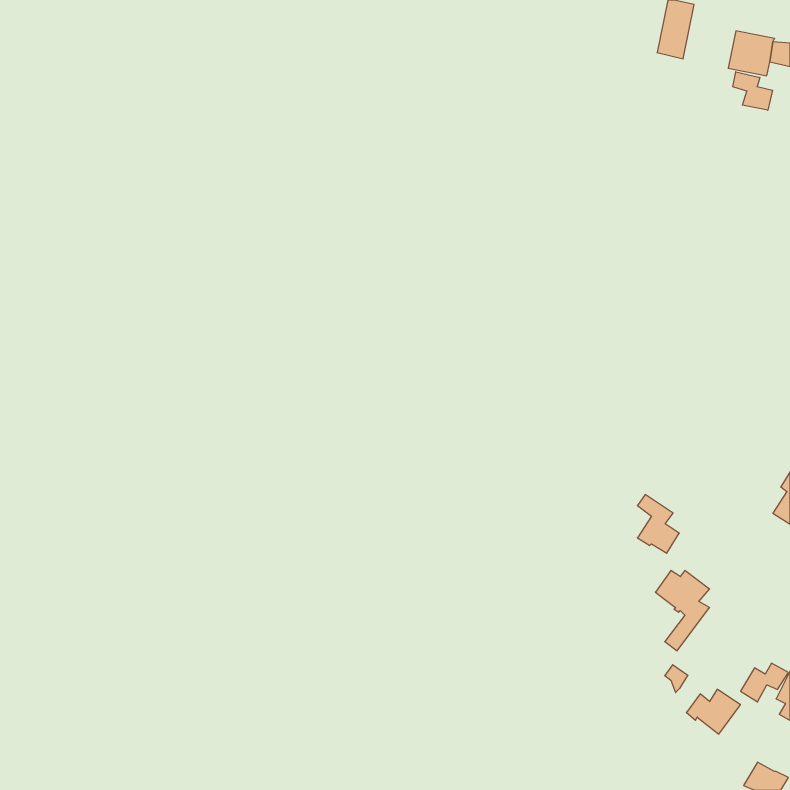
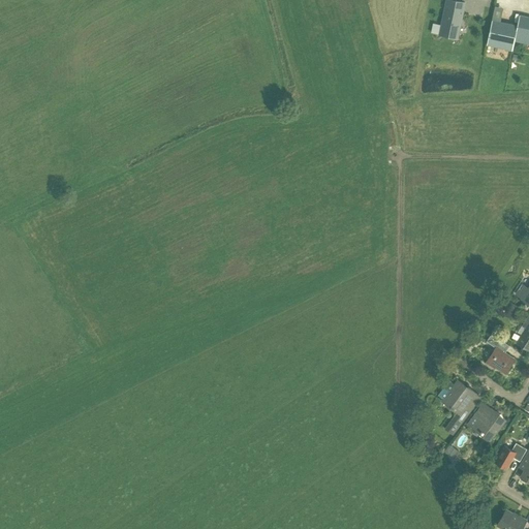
building: [733,72,773,110] -> none
building: [637,495,679,553] -> [486,334,514,373]
building: [686,689,740,734] -> [468,409,504,439]

